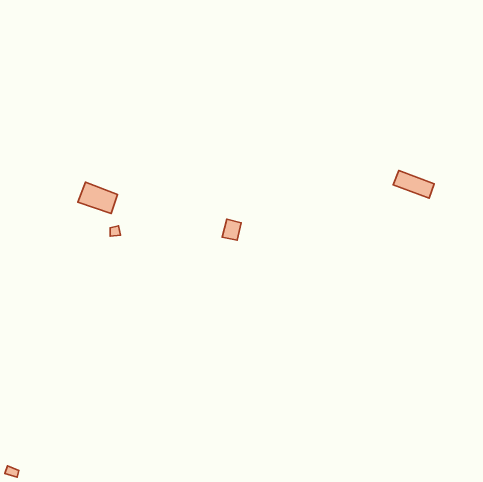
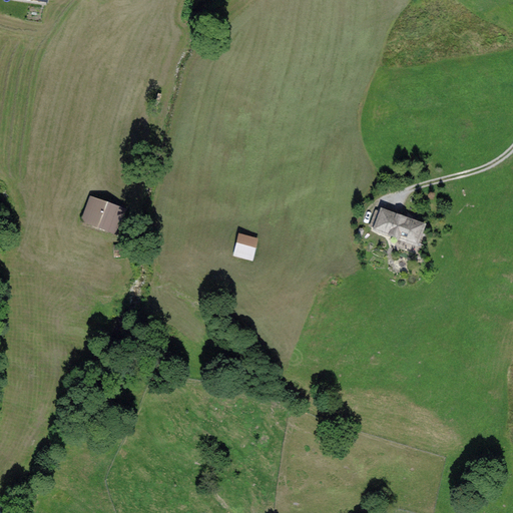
building: [393,171,434,198] -> [377,211,420,240]

